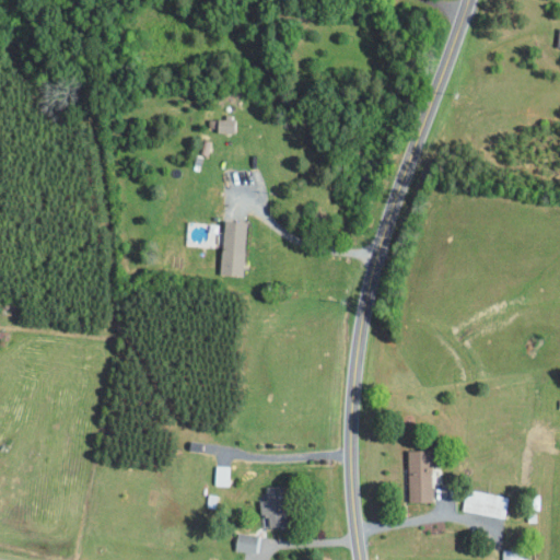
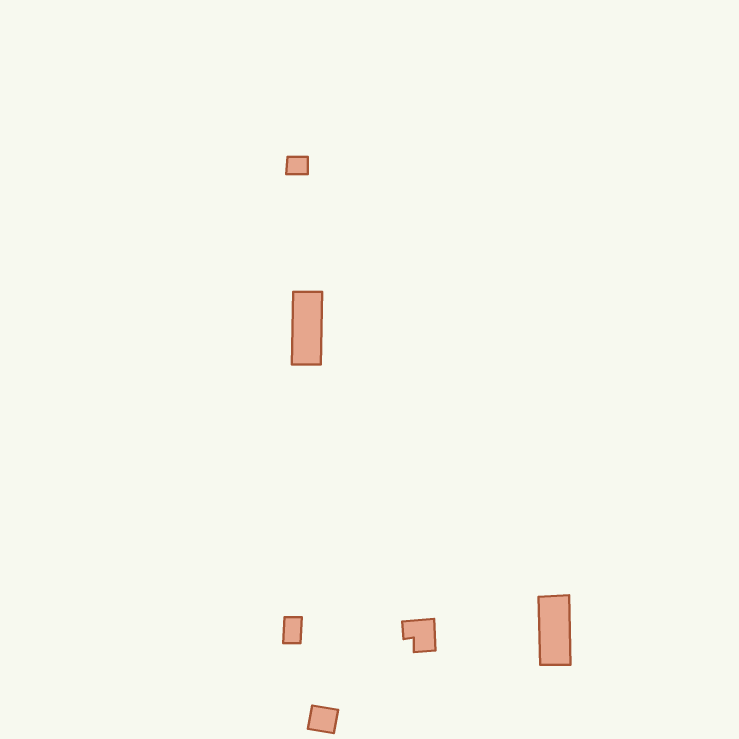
building: [463,490,509,520] -> none
building: [259,502,284,527] -> [402,619,436,652]

